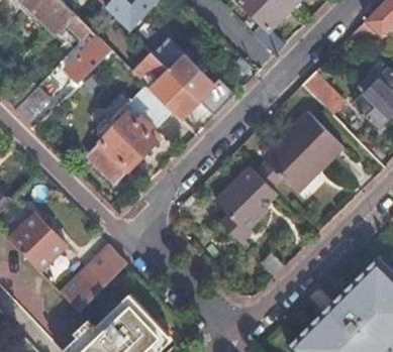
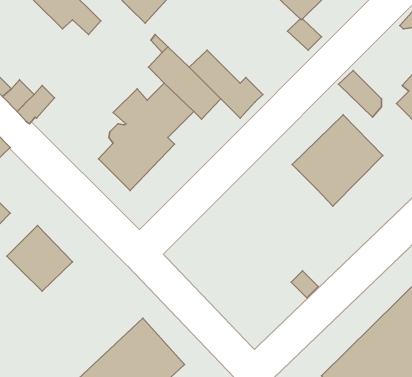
building: [61,29,111,82] -> none
building: [217,167,278,236] -> none
building: [59,243,125,310] -> none

